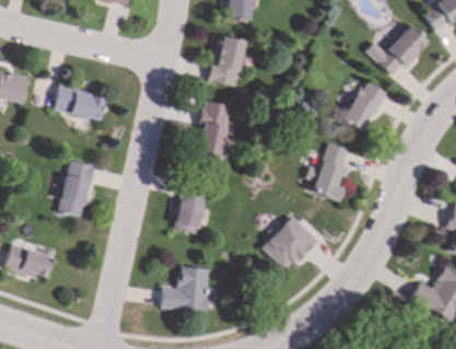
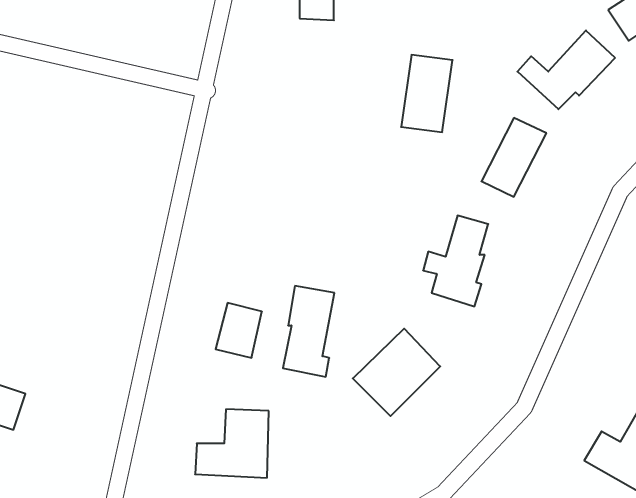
building: [211,35,244,84] -> [401,55,453,132]
building: [55,81,104,119] -> none
building: [197,100,230,158] -> [283,286,334,377]
building: [59,160,93,217] -> none

